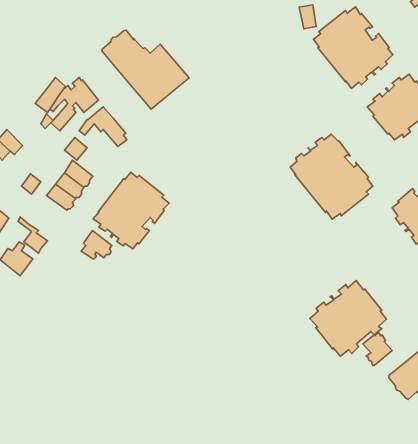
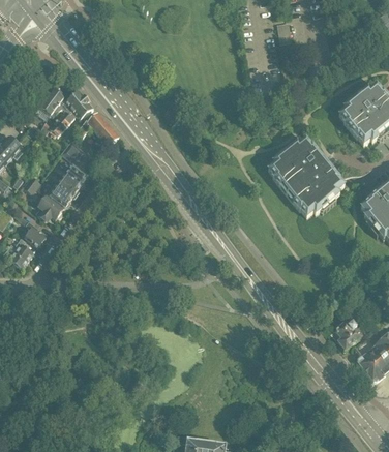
building: [313,7,393,89] -> none
building: [102,30,189,109] -> none
building: [93,172,169,249] -> none
building: [81,231,112,259] -> [34,194,62,220]
building: [310,280,387,356] -> none

